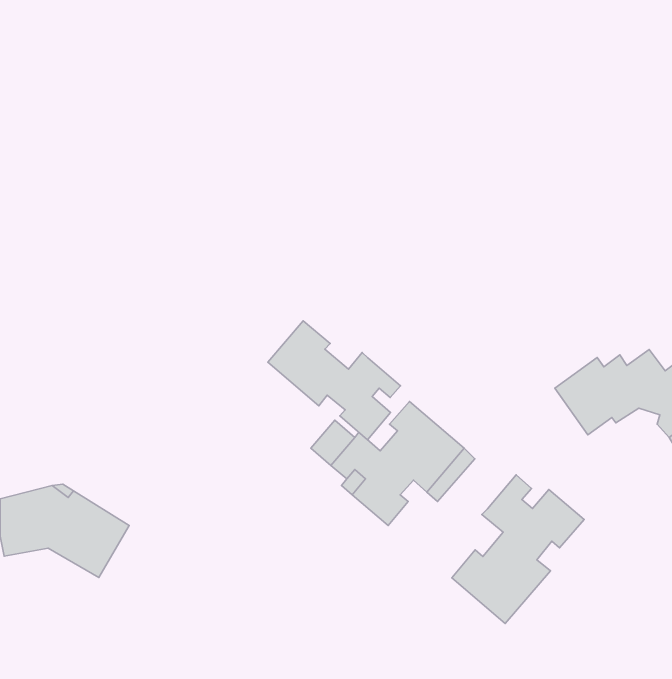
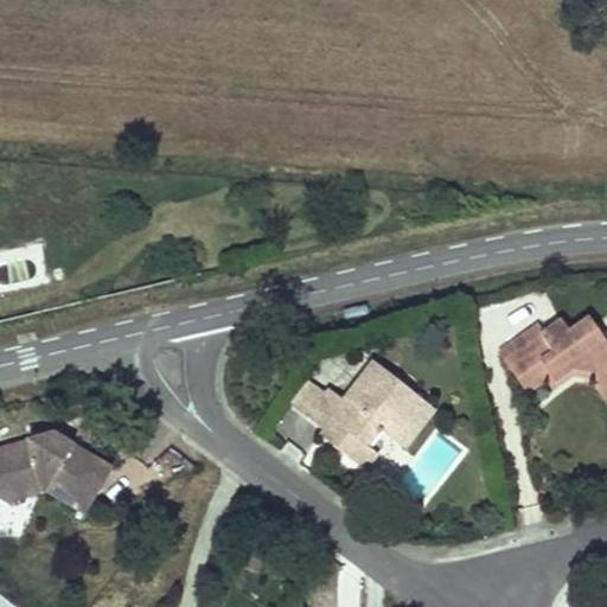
building: [268,321,400,440] -> none
building: [452,475,584,623] -> none

